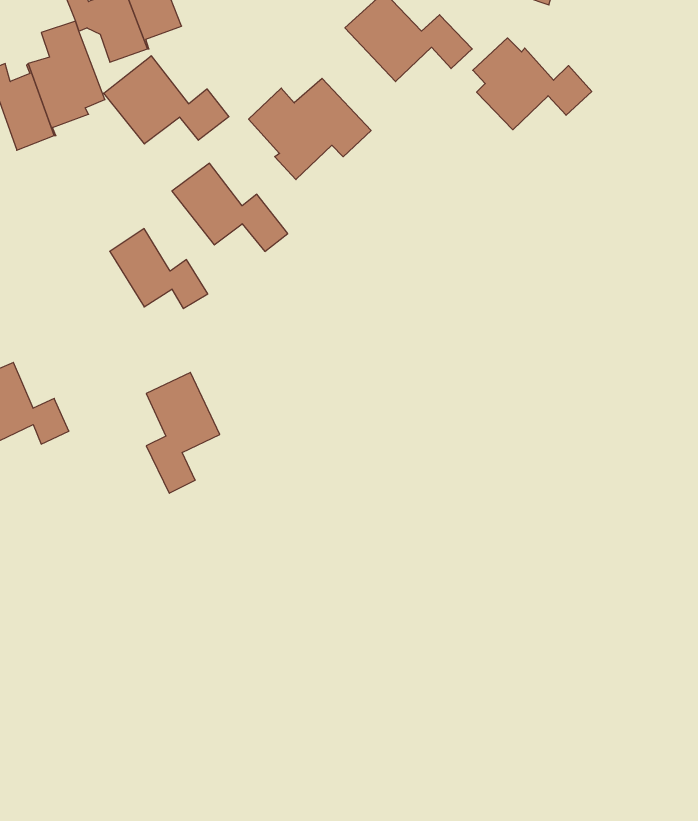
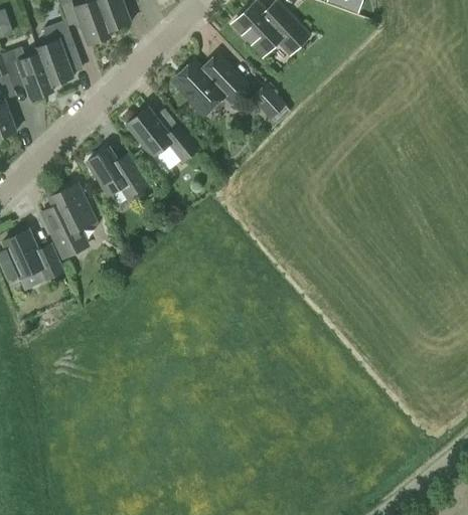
building: [473,38,592,130] -> none
building: [104,56,229,144] -> none
building: none -> [252,82,291,124]
building: [146,372,220,493] -> [49,184,95,259]

